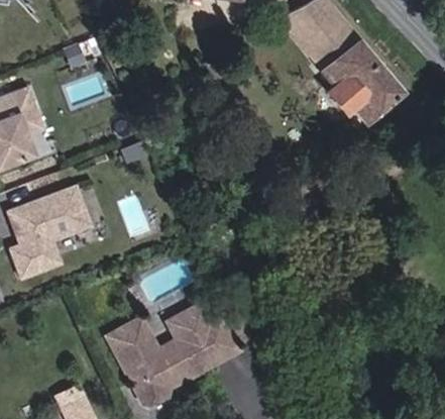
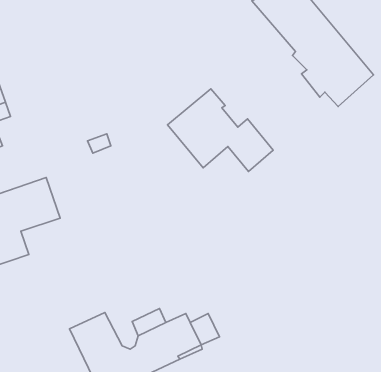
building: none -> [168,89,273,171]

